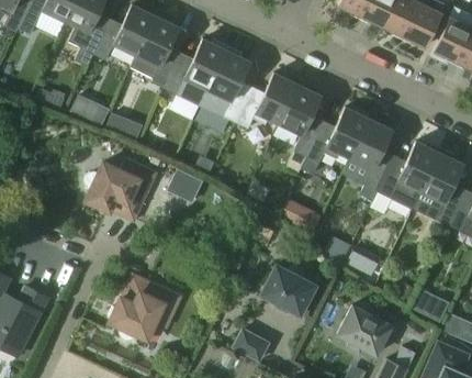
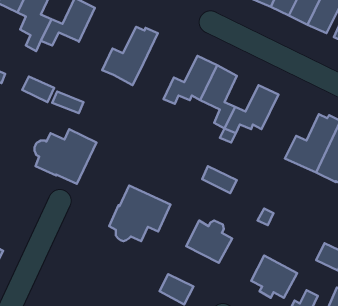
building: [130,16,178,89] -> none
building: [199,46,249,123] -> none
building: [349,118,392,192] -> none
building: [167,169,202,201] -> none
building: [110,275,181,340] -> [109,186,170,241]

